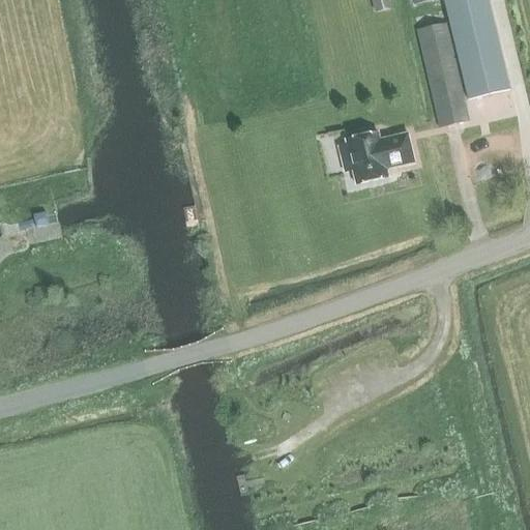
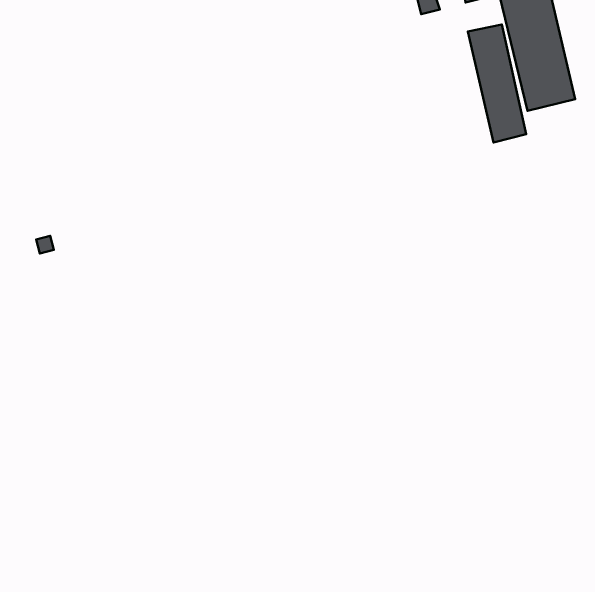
building: [346,129,414,182] -> none

